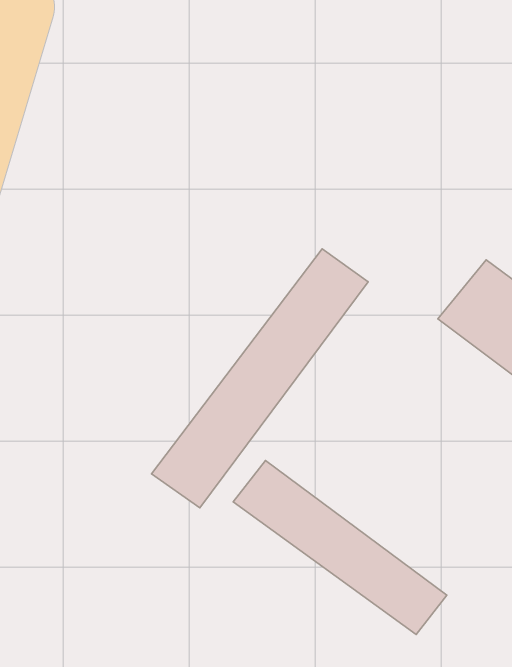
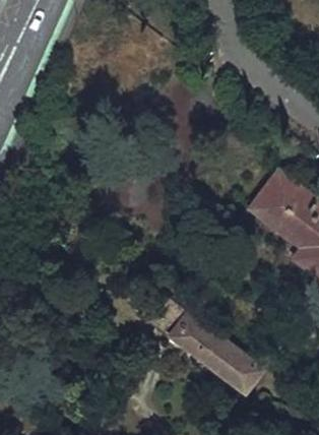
building: [151,249,368,508] -> none

